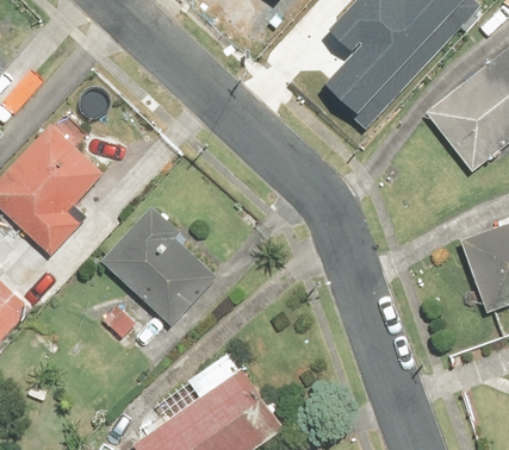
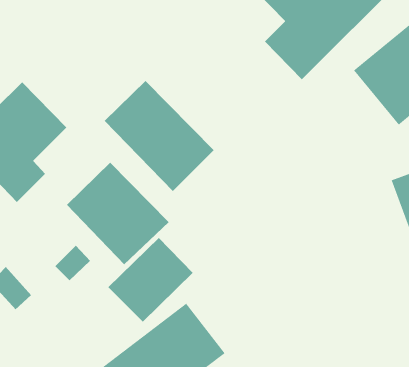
building: none -> [104,80,215,192]
building: none -> [107,237,193,323]

